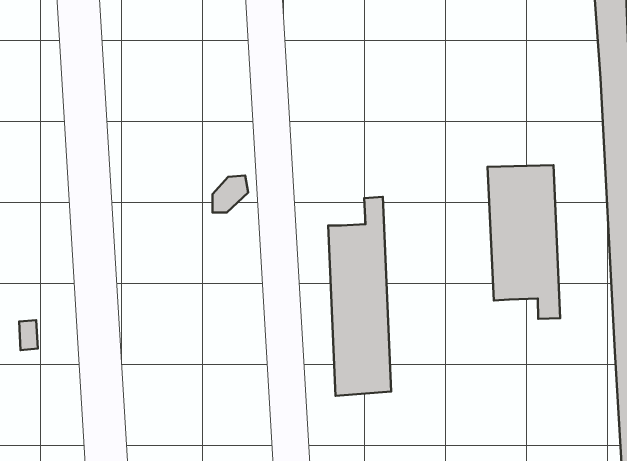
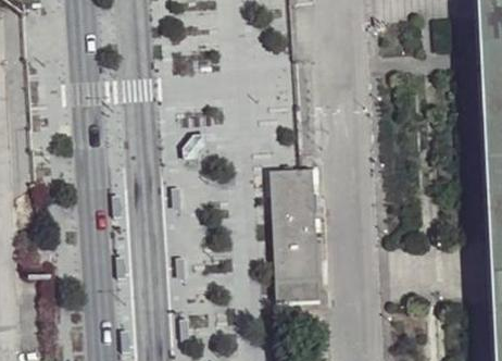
building: [488,165,560,319] -> none

